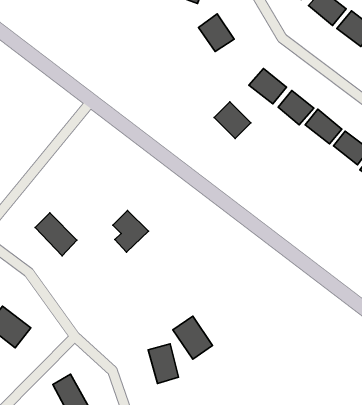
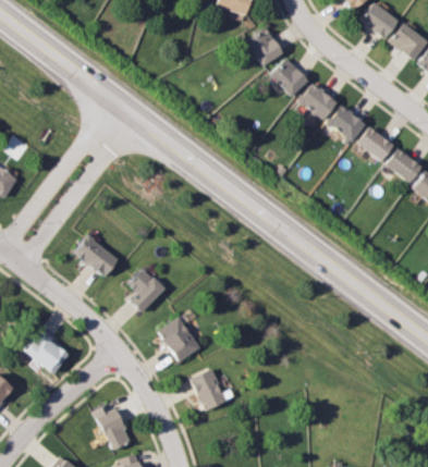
building: [214,102,251,139] -> [269,58,307,96]
building: [113,210,148,252] -> [129,268,166,311]
building: [173,316,213,359] -> [159,317,200,361]

